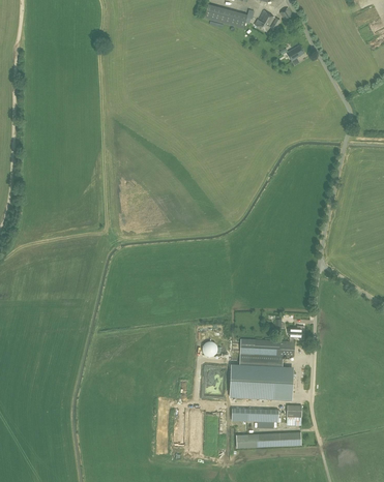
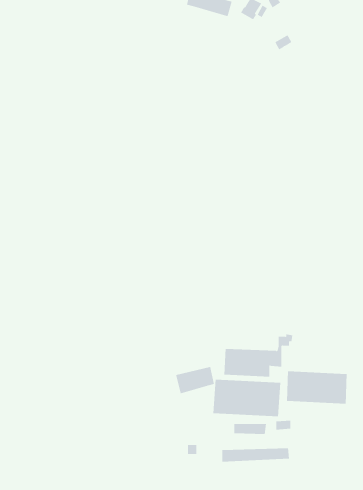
building: none -> [176,366,214,394]
building: none -> [287,371,347,404]

